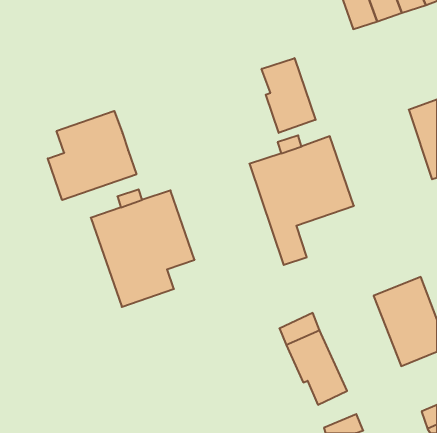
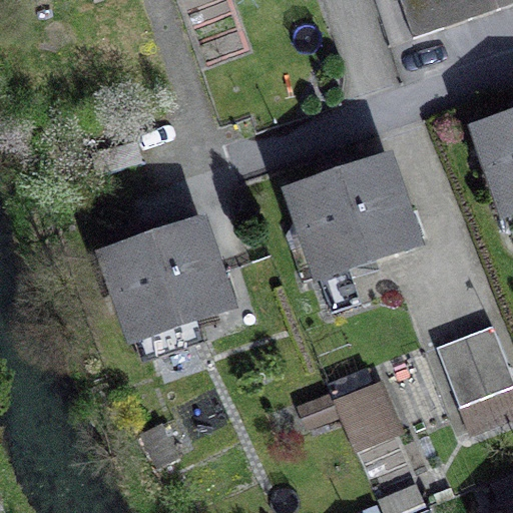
building: [262,58,316,133] -> none
building: [48,111,136,200] -> none

